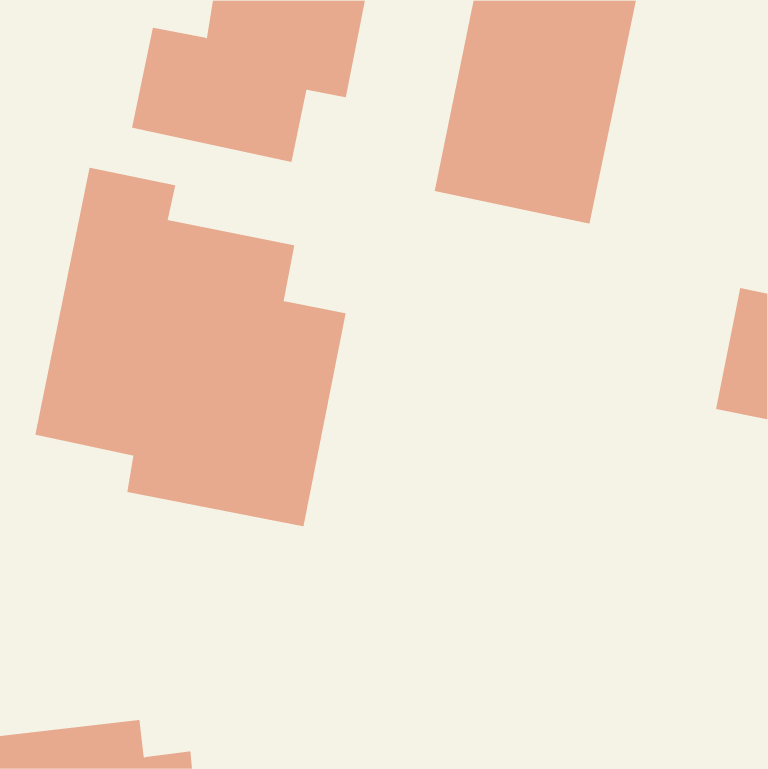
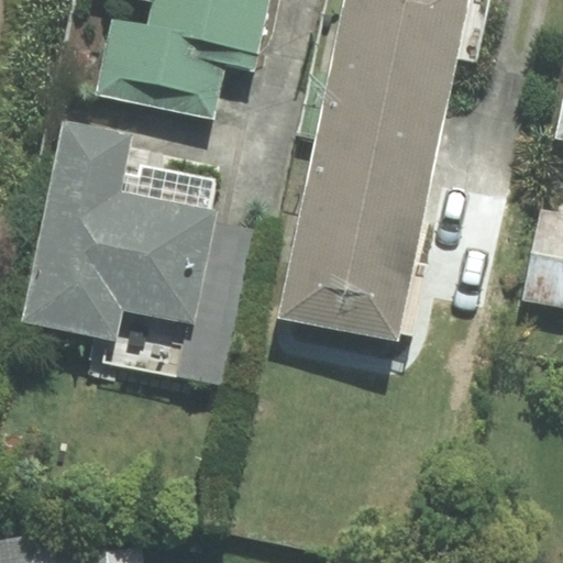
building: none -> [280,140,431,340]

